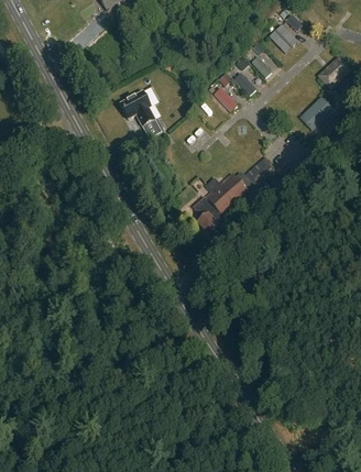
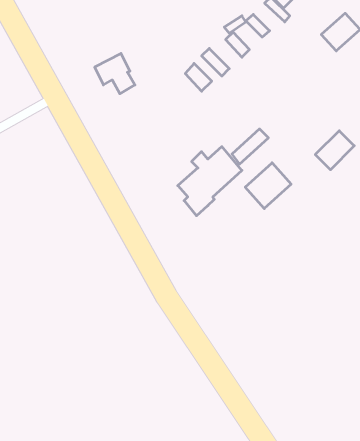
building: [300,96,335,130] -> [315,131,354,170]
building: none -> [245,163,291,209]

